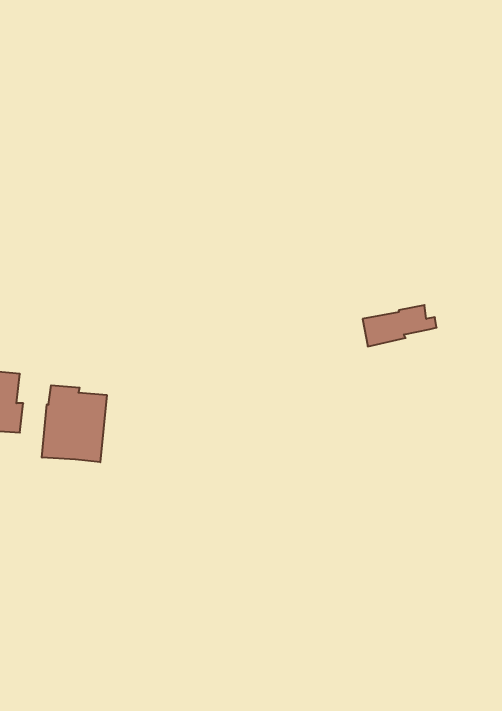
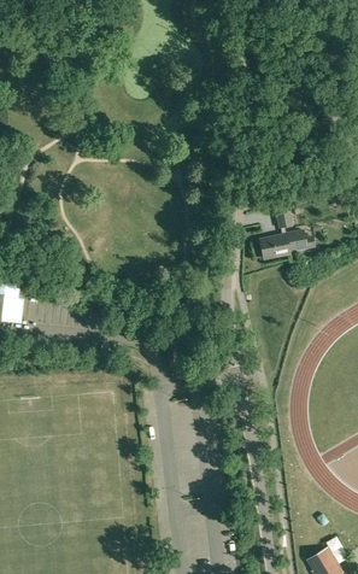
building: [42,385,107,462] -> none

